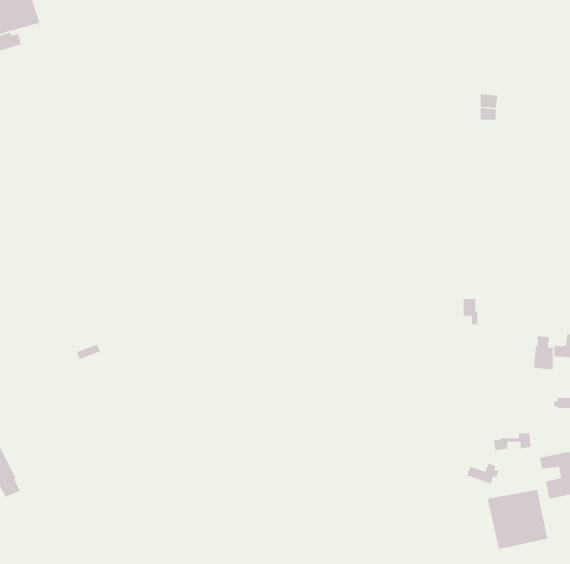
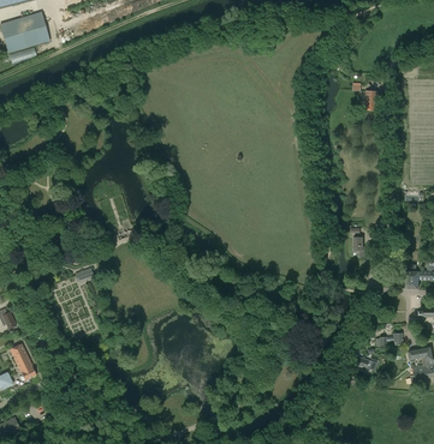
building: [487,489,548,550] -> none

